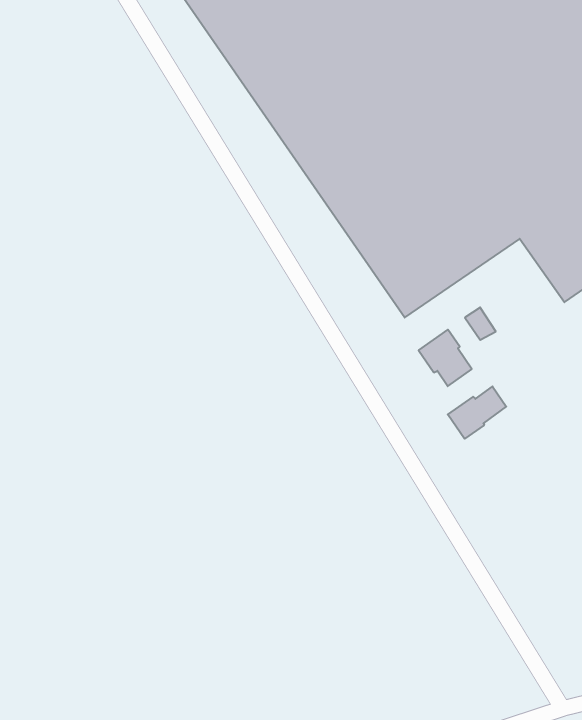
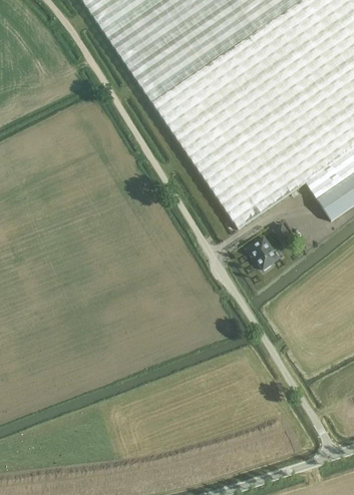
building: [448,386,506,439] -> none

